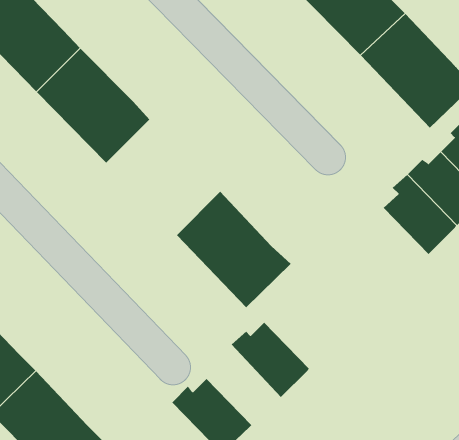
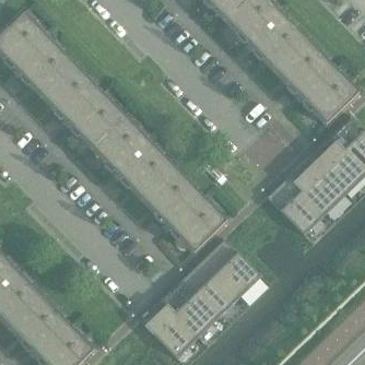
building: none -> [93,116,175,199]
building: none -> [267,179,325,234]
building: none -> [207,237,261,295]
building: none -> [165,278,219,335]

